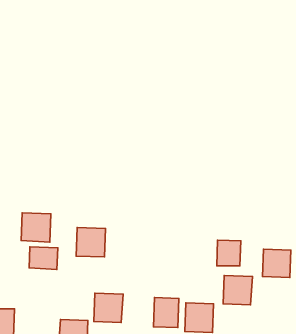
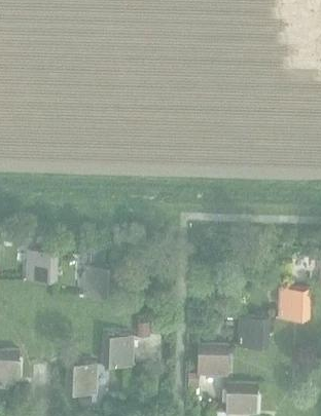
building: [217,240,241,266] -> none
building: [29,247,58,269] -> none
building: [153,298,179,328] -> none

